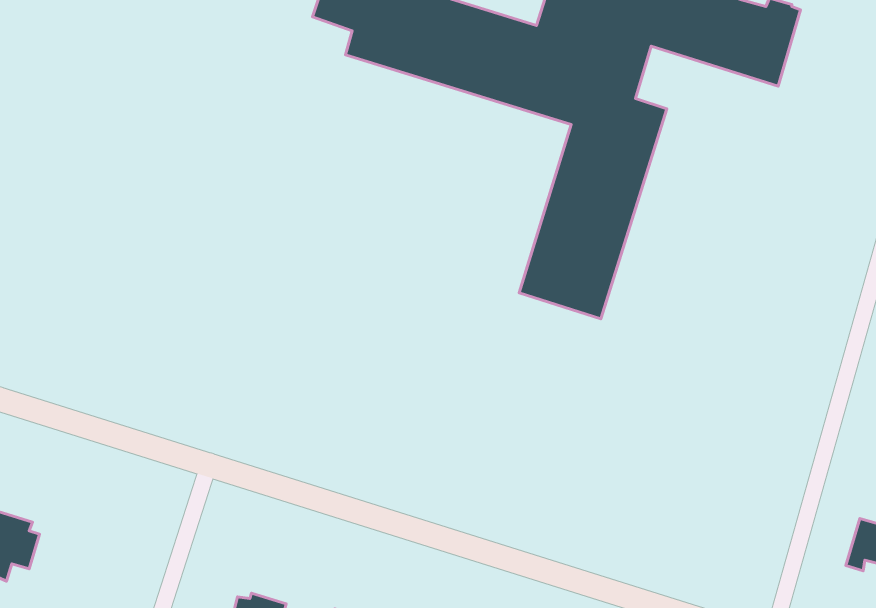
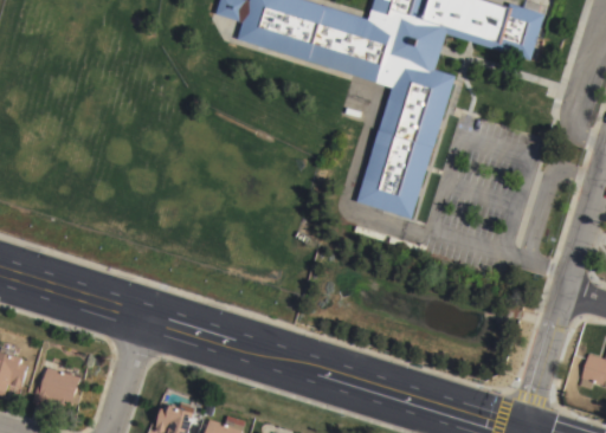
building: none -> [32,368,82,411]

